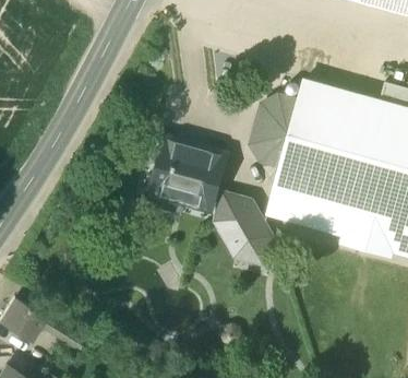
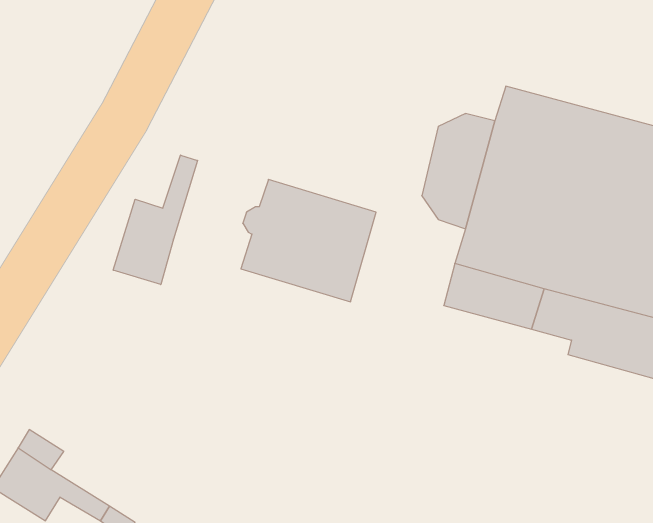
building: none -> [113,155,198,285]
building: [217,194,272,264] -> none

